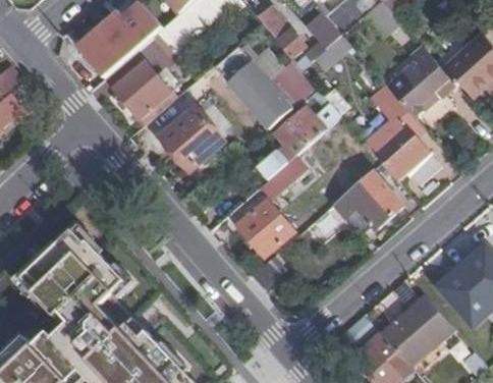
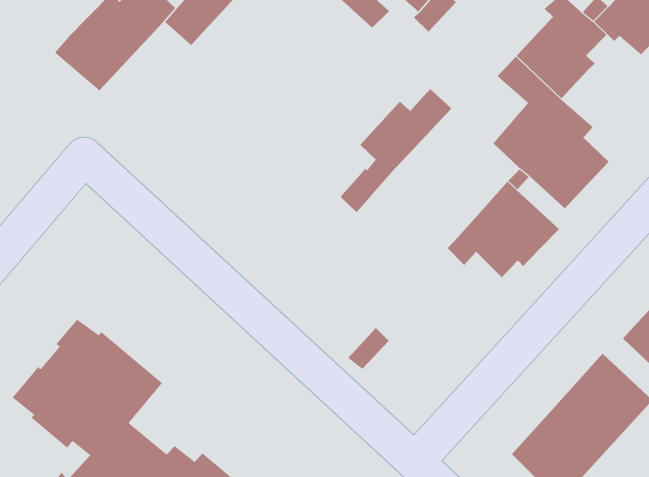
building: [213,46,310,129] -> none
building: [114,63,175,125] -> none
building: [160,108,222,171] -> none
building: [227,152,308,255] -> none

